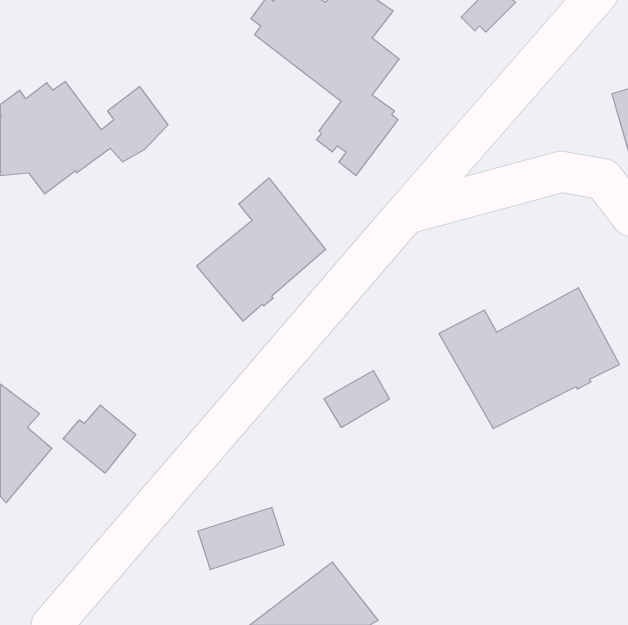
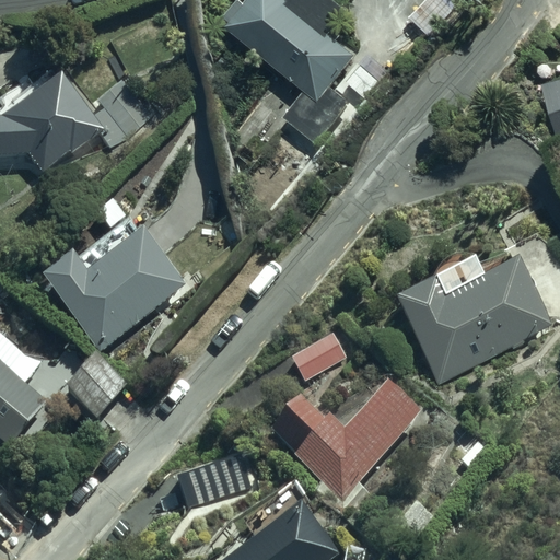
building: [197,178,326,321] -> none
building: none -> [39,231,184,353]
building: none -> [262,378,420,495]

